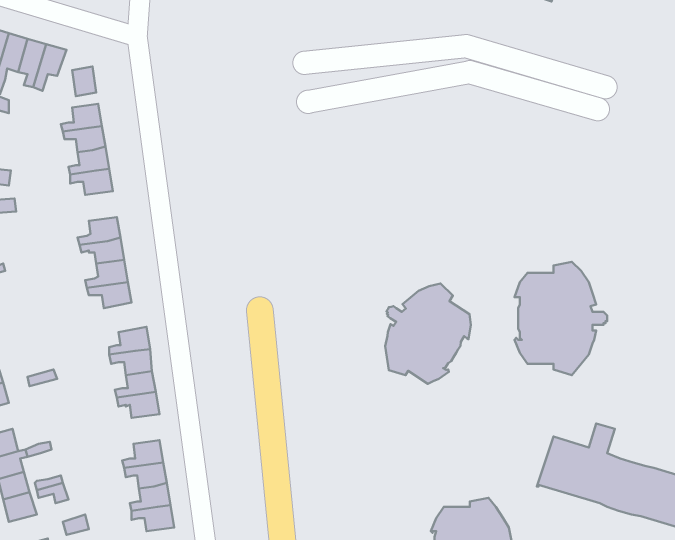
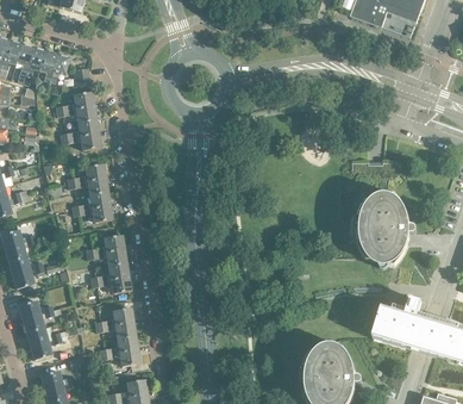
building: [385,284,471,384] -> none

